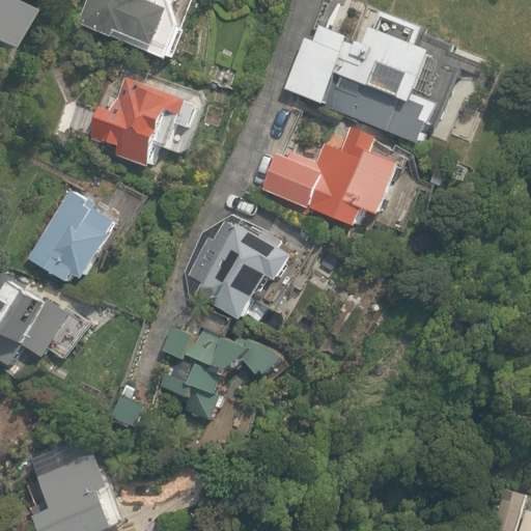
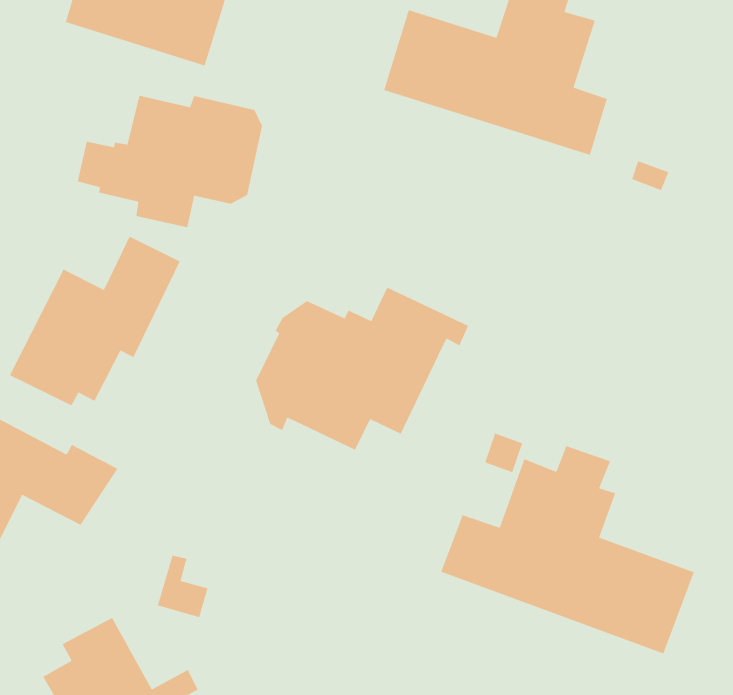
building: [260,124,412,228] -> none
building: [160,328,281,419] -> none
building: none -> [440,445,695,654]

